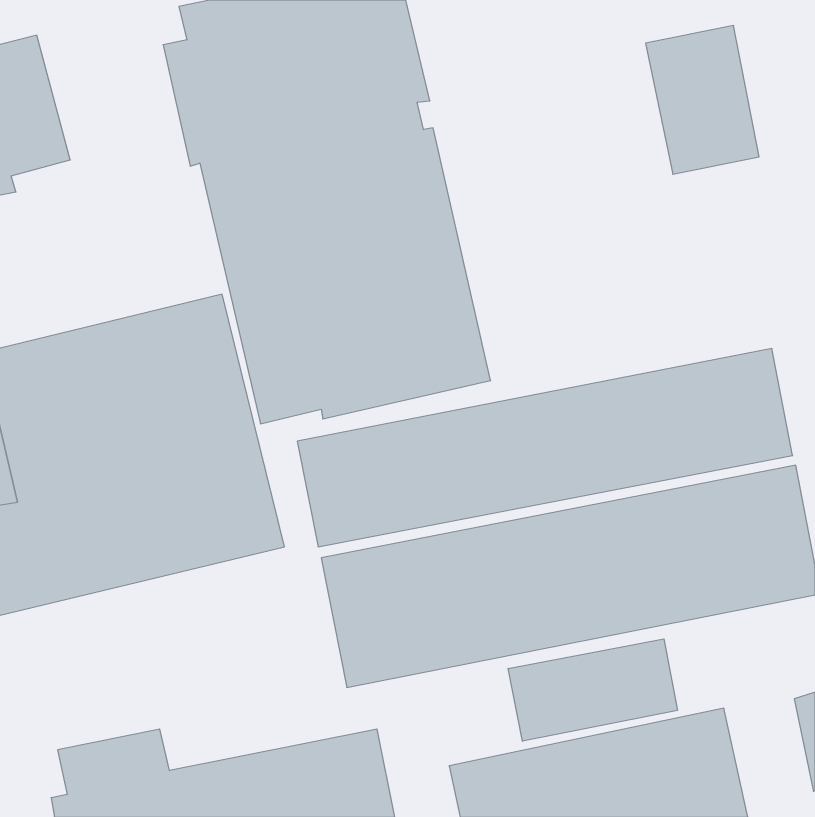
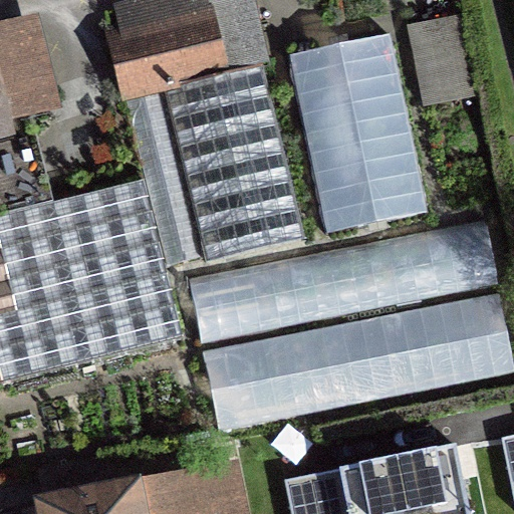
building: none -> [288,35,429,236]
building: [508,639,677,741] -> none

